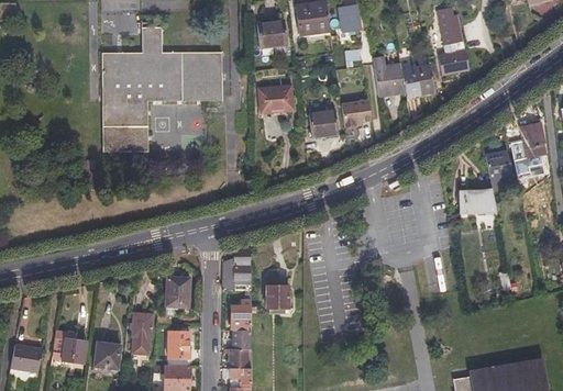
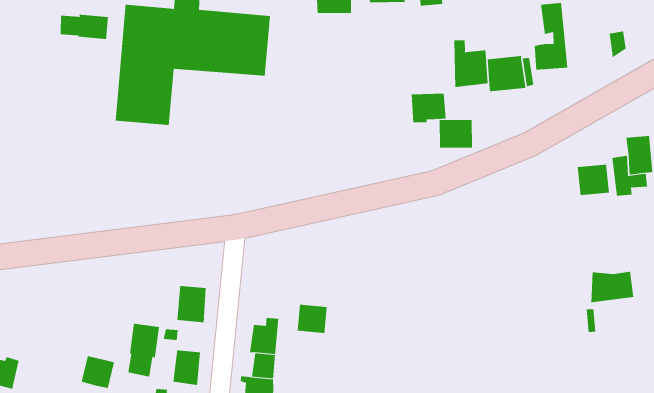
building: none -> [60,14,108,40]
building: [260,87,294,114] -> none
building: [309,111,339,136] -> [439,120,473,148]
building: [459,187,495,215] -> [590,271,634,303]
building: [222,247,251,288] -> none
building: [49,333,85,369] -> none

